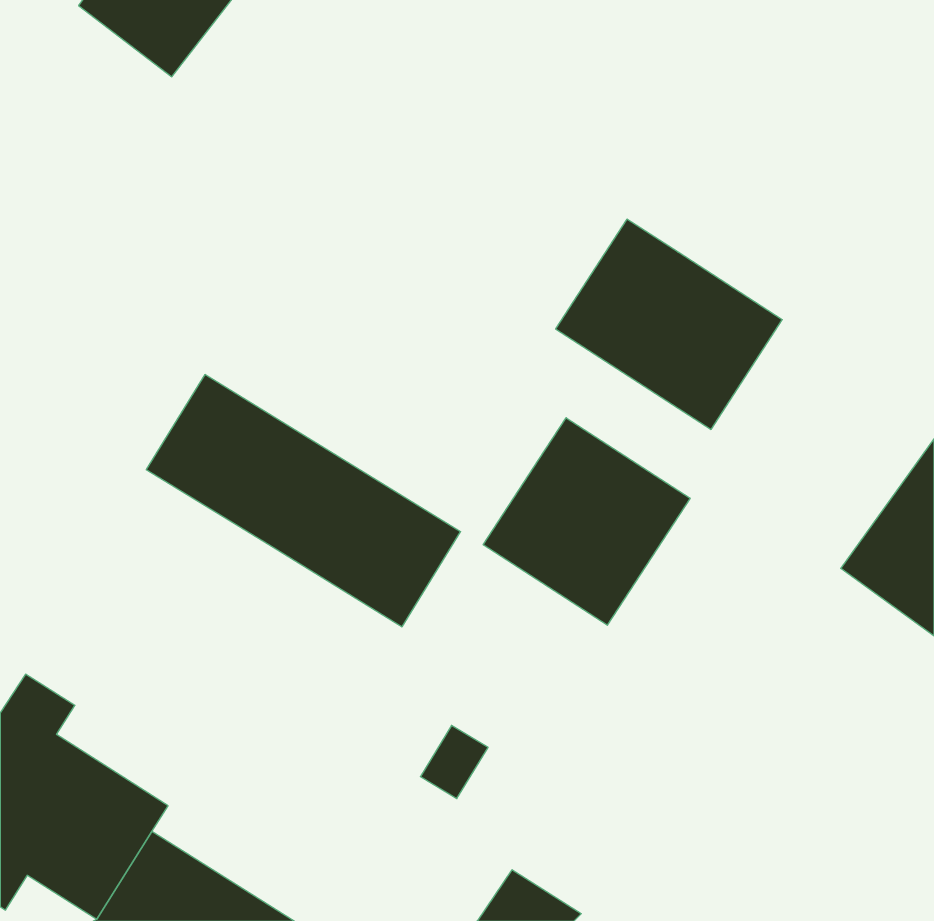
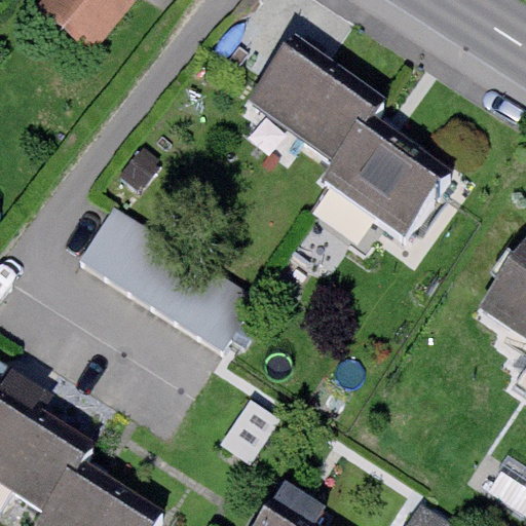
building: none -> [242,42,367,158]
building: [483,418,690,625] -> none

